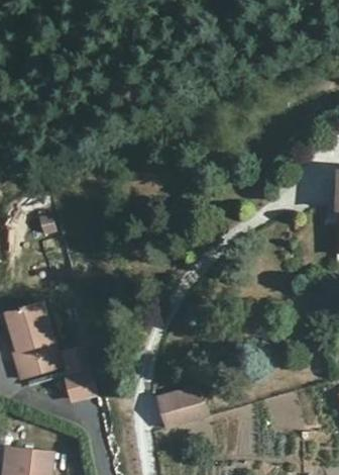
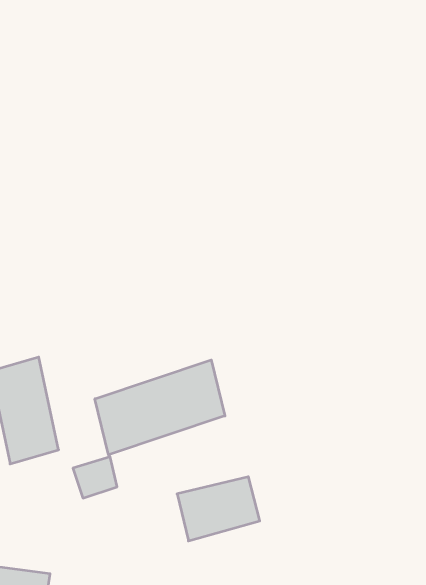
building: none -> [95,360,225,455]

